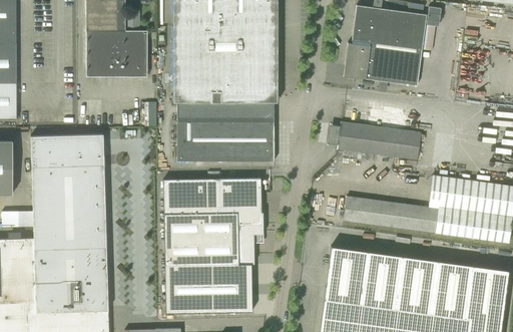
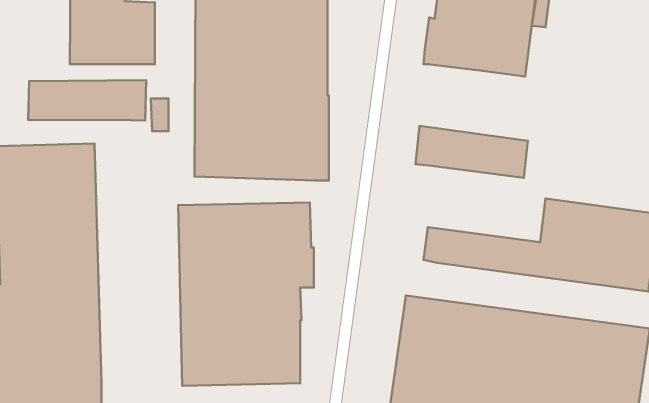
building: none -> [28,80,146,121]

